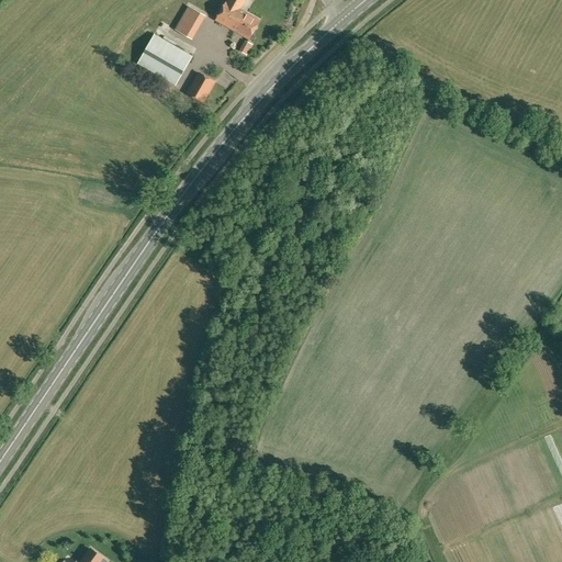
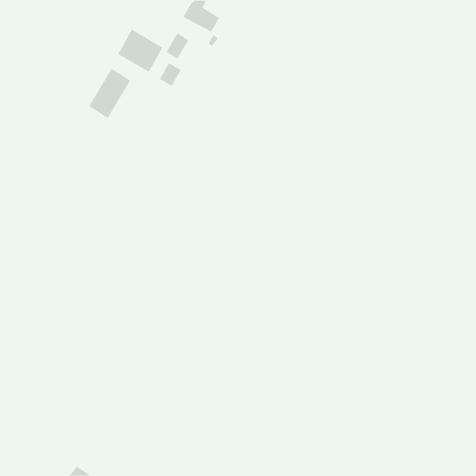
building: [177,7,204,38] -> [166,33,189,60]
building: none -> [89,68,131,119]

